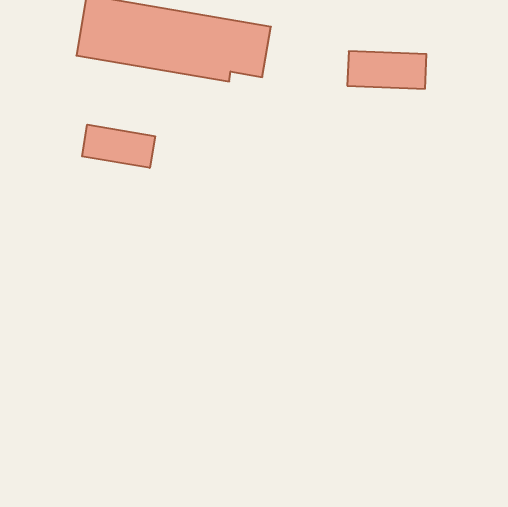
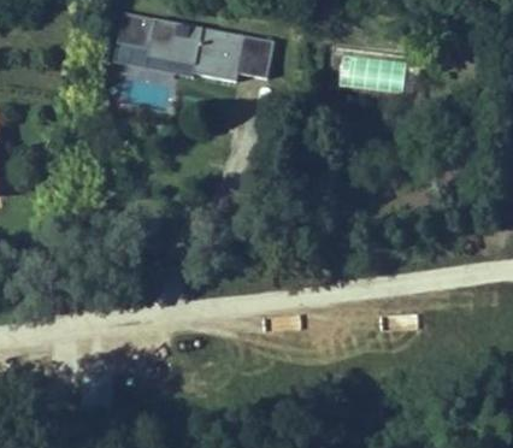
building: [82,125,155,168] -> none

